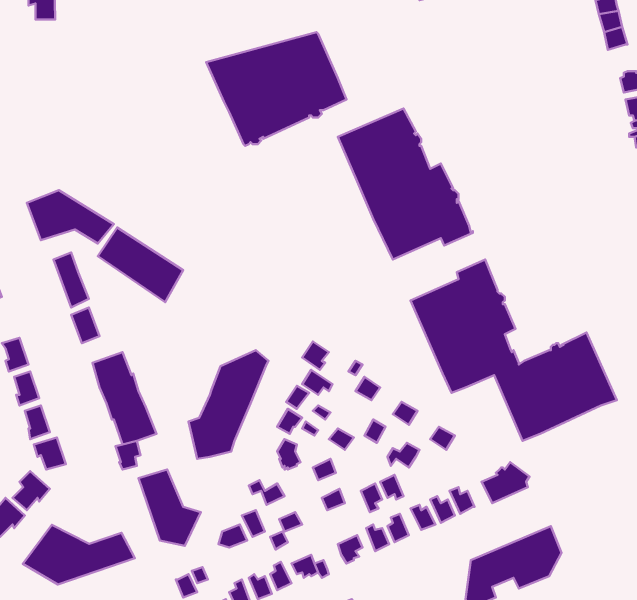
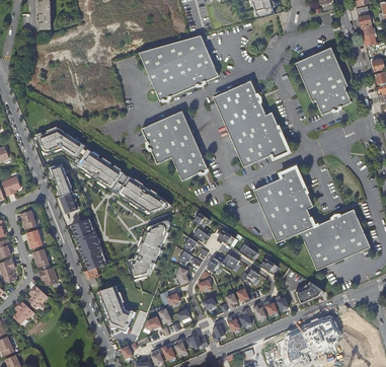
building: none -> [294,45,351,114]
building: none -> [141,109,207,179]
building: none -> [115,174,170,214]
building: [23,525,135,585] -> none

